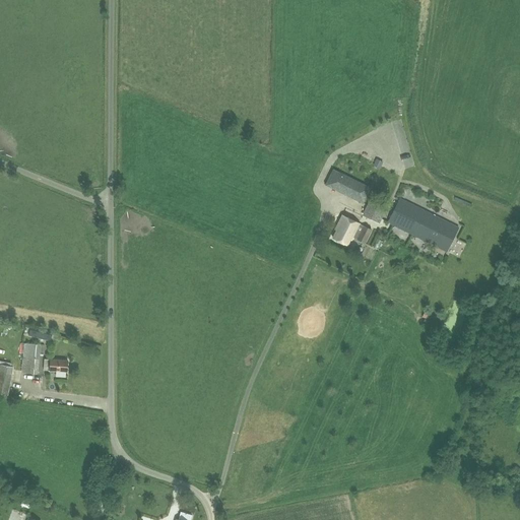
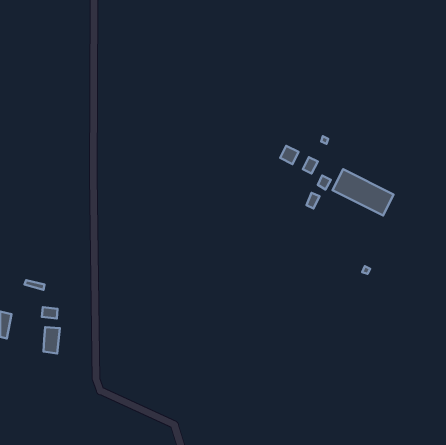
building: [333,214,359,244] -> none
building: [21,342,41,373] -> [43,327,60,353]

